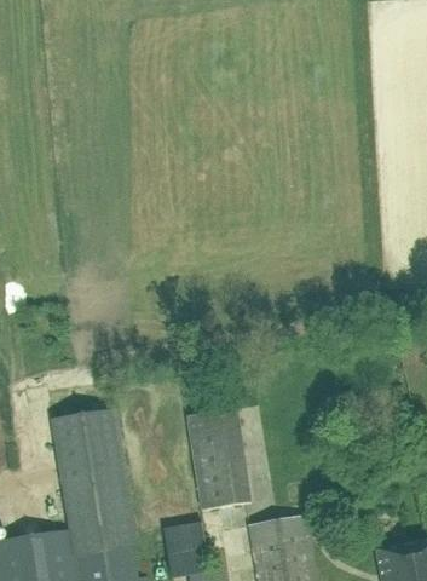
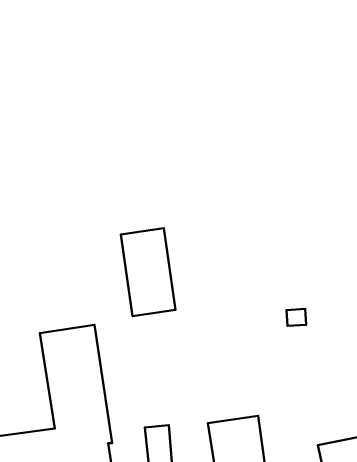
building: [187,410,250,512] -> [121,228,175,316]

